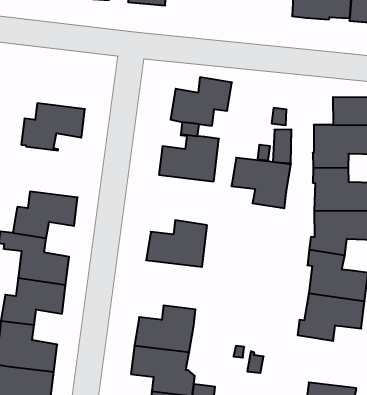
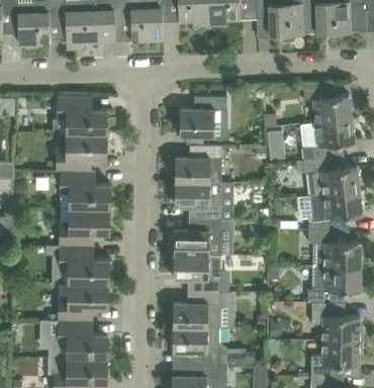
building: none -> [57,97,107,135]
building: none -> [60,173,110,210]
building: [231,158,291,208] -> [174,183,221,220]
building: none -> [173,256,220,292]
building: none -> [311,303,362,342]

